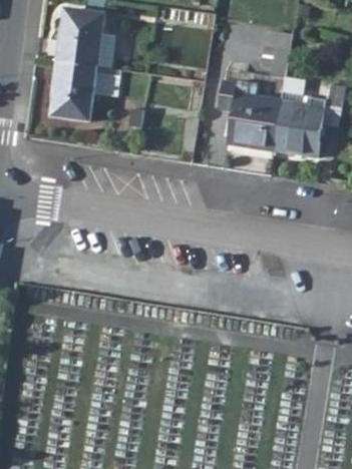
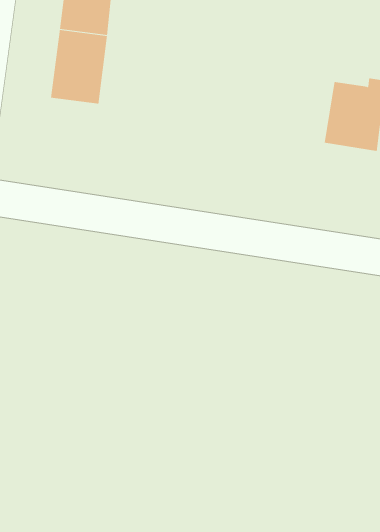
building: [216,82,280,150] -> none

